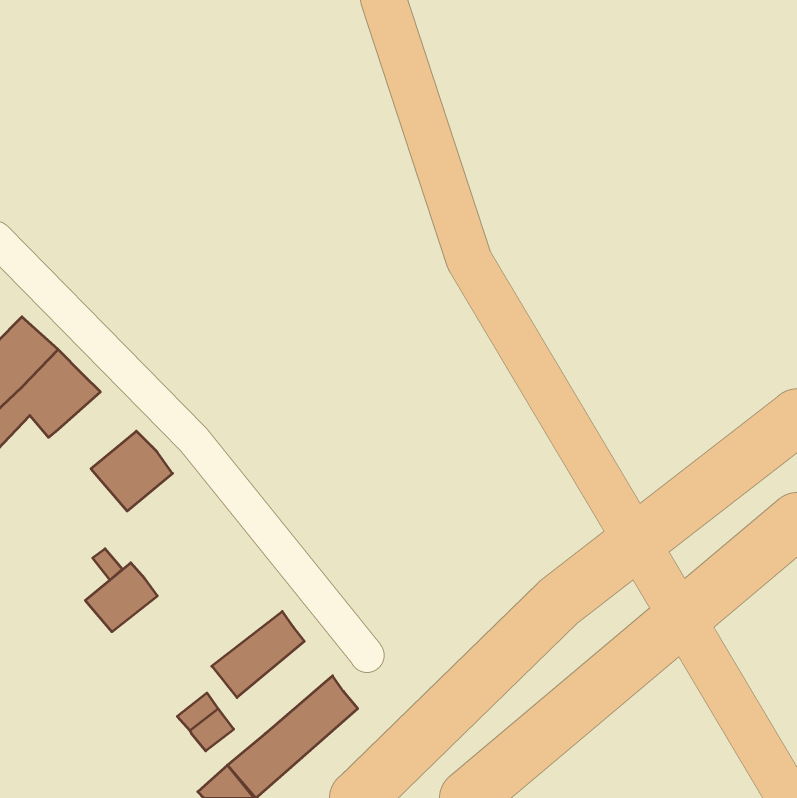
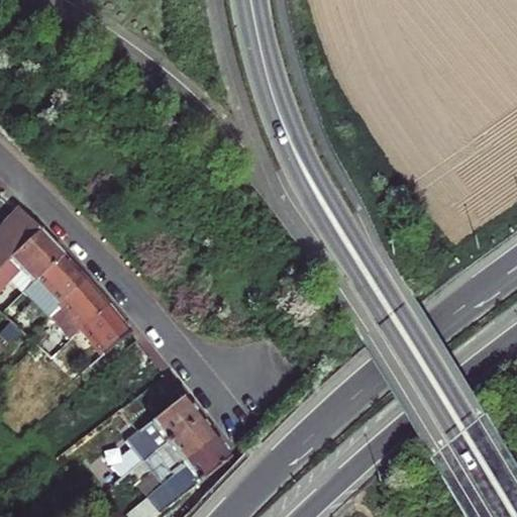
building: none -> [31,252,88,307]
building: [85,563,157,632] -> [82,305,128,349]
building: none -> [152,413,214,473]

